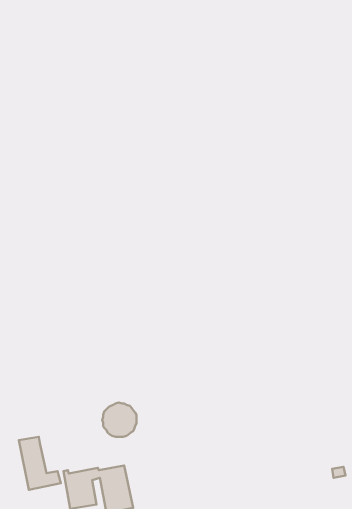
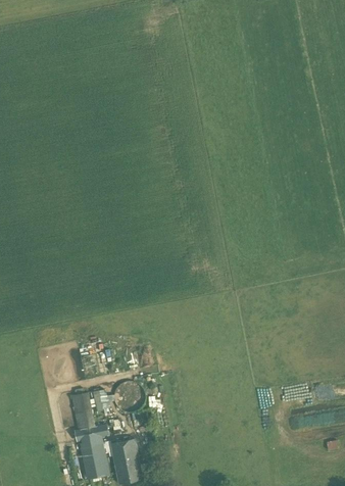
building: [19,437,61,490] -> [69,392,108,441]

